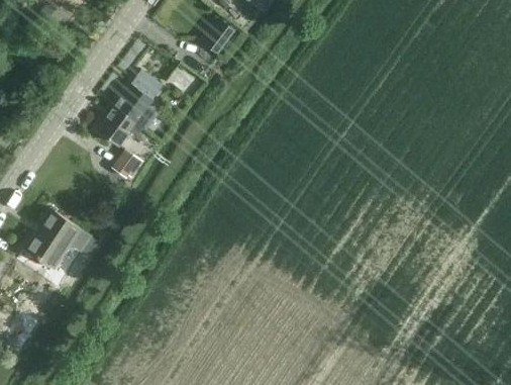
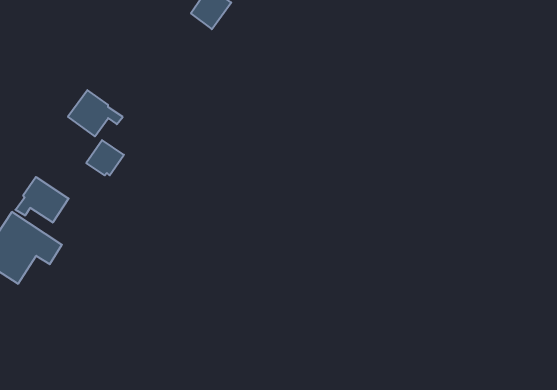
building: [112,71,162,131] -> none
building: none -> [15,177,69,223]

